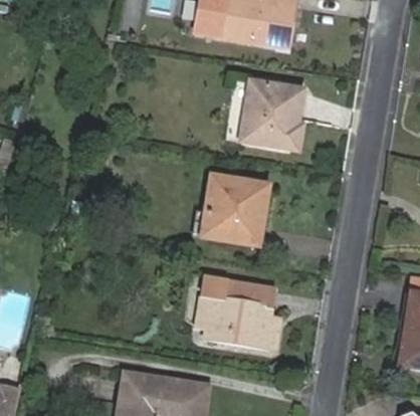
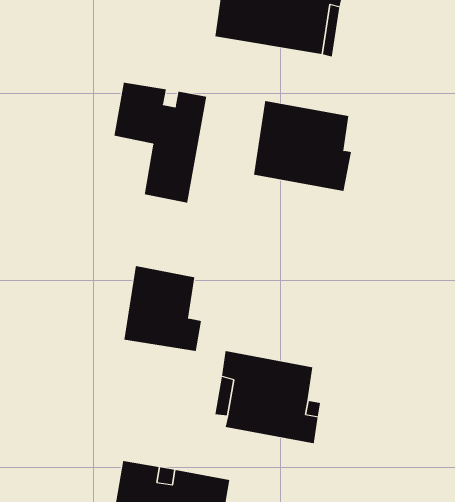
building: none -> [114,82,207,203]
building: [201,178,262,245] -> [124,266,202,351]

